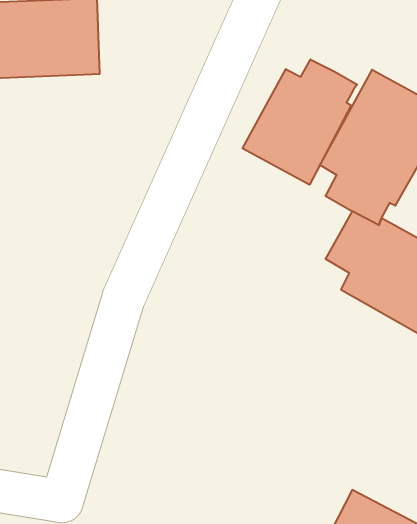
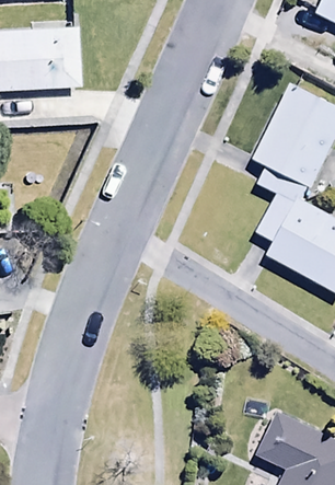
building: [243,59,357,185] -> none

